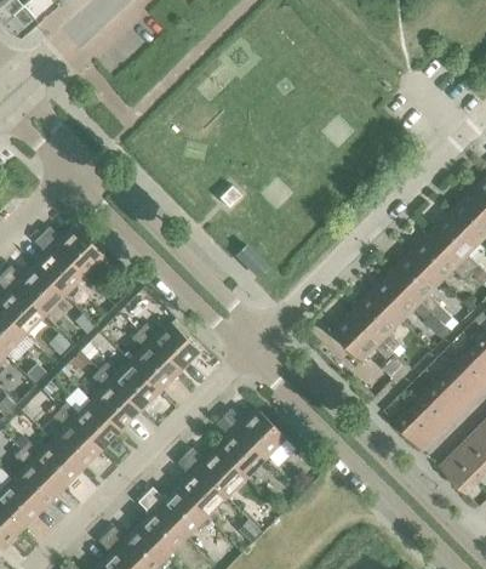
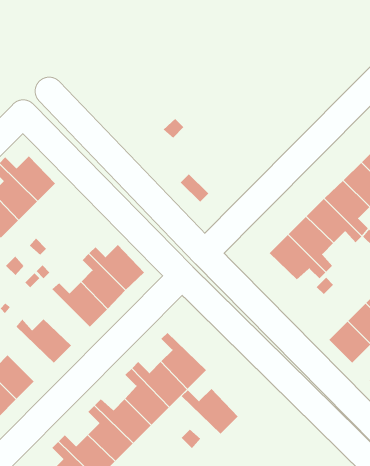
building: [90,370,139,431] -> none
building: [223,408,285,457] -> [181,388,238,434]
building: [51,410,101,470] -> none

